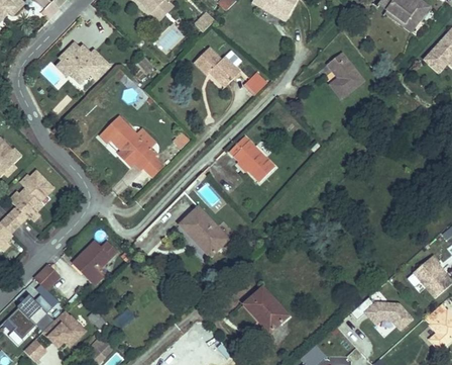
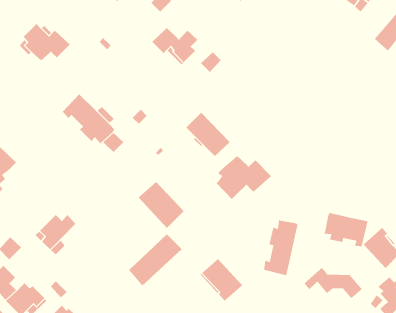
building: [327,53,362,98] -> none
building: none -> [215,155,272,200]
building: none -> [323,212,369,247]
building: none -> [263,219,298,276]
building: none -> [128,234,182,287]

